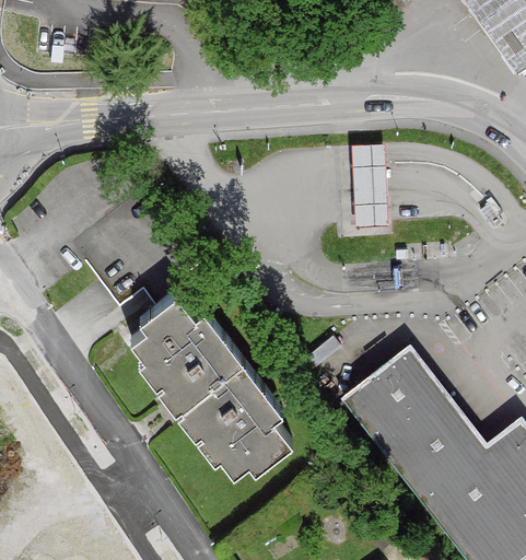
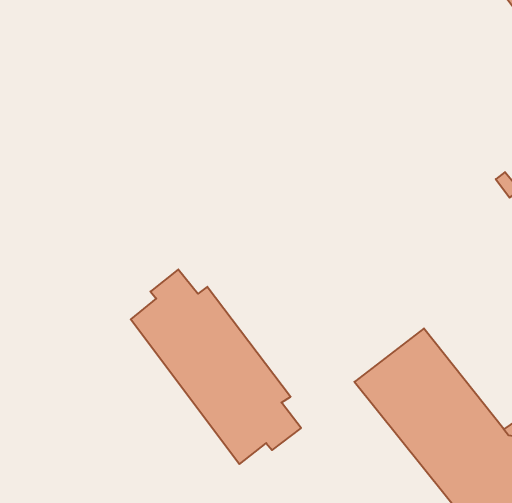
building: [349,144,386,229] -> none

